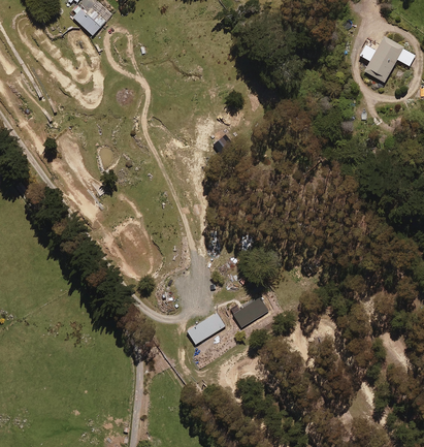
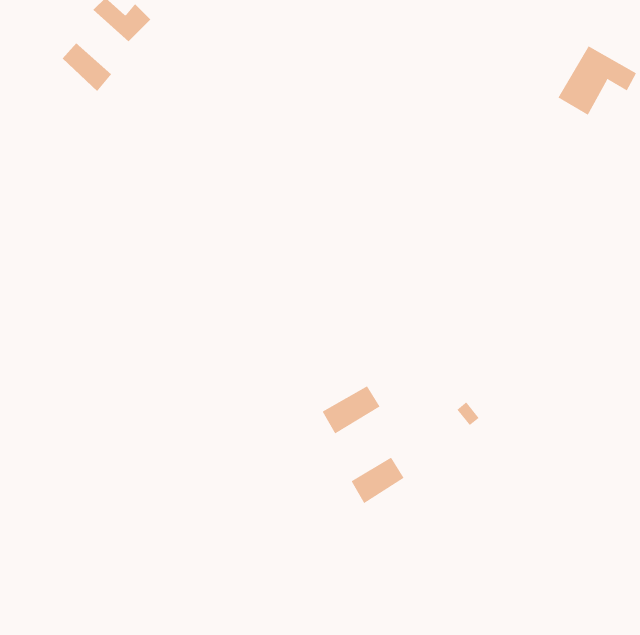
building: none -> [62,42,112,92]
building: [187,313,224,344] -> [322,385,380,434]

